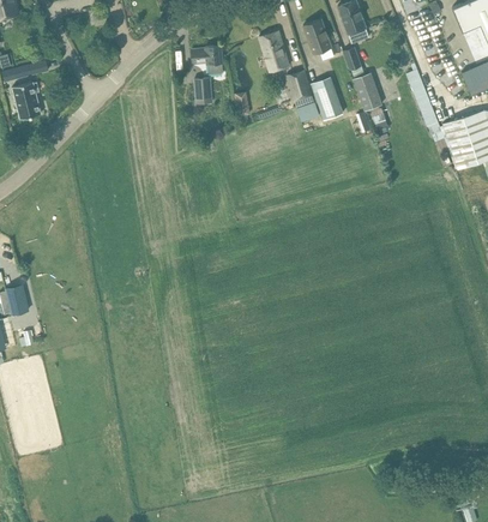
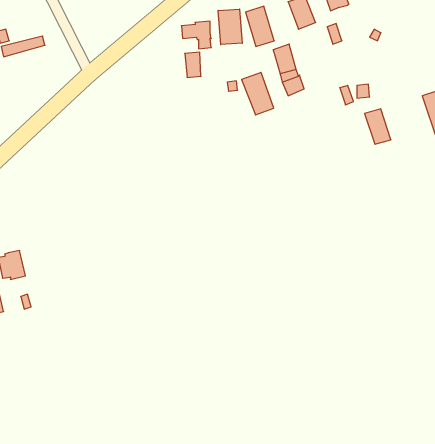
building: none -> [218,9,242,45]
building: [353,72,380,109] -> [365,109,391,144]
building: [309,76,343,120] -> [242,72,274,115]
building: [12,83,40,120] -> none

